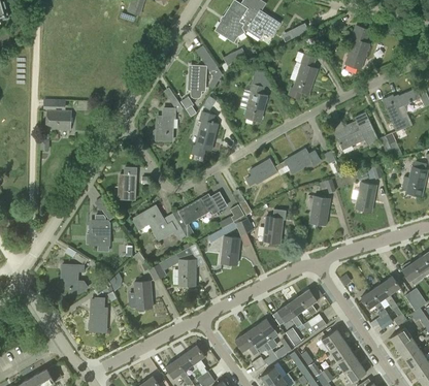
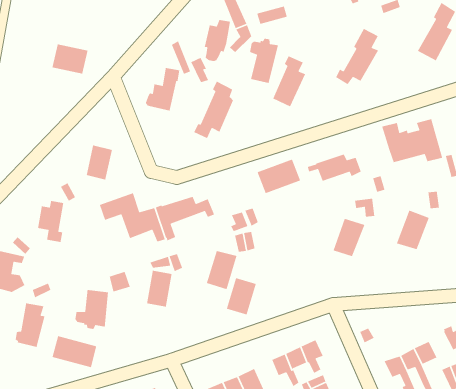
building: none -> [249,38,279,84]
building: [46,110,71,130] -> [52,43,88,75]
building: [263,216,283,243] -> [226,277,257,316]
building: none -> [52,335,97,368]

